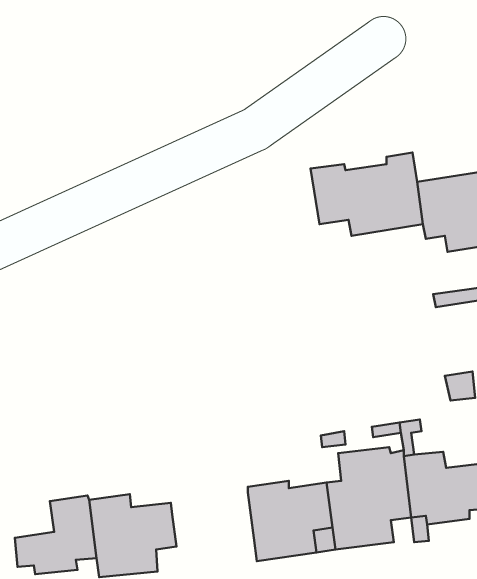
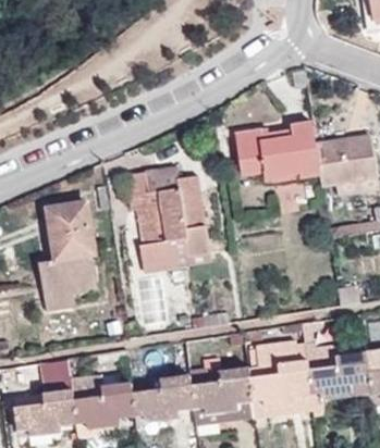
building: none -> [126,167,209,272]
building: none -> [38,201,98,311]
building: none -> [132,375,193,422]

